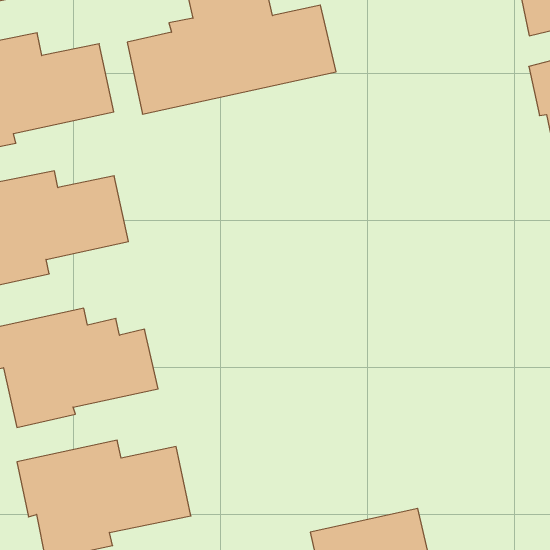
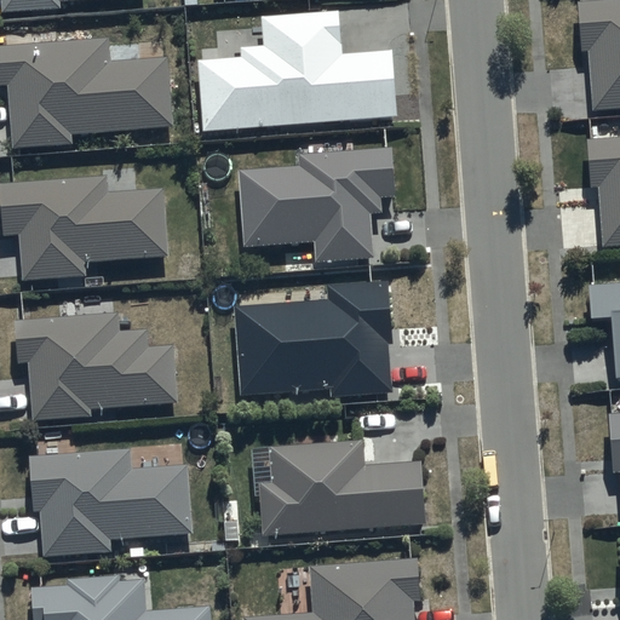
building: none -> [240,149,395,264]
building: none -> [236,281,395,397]
building: none -> [260,441,426,536]

